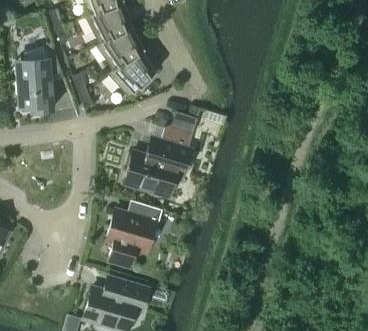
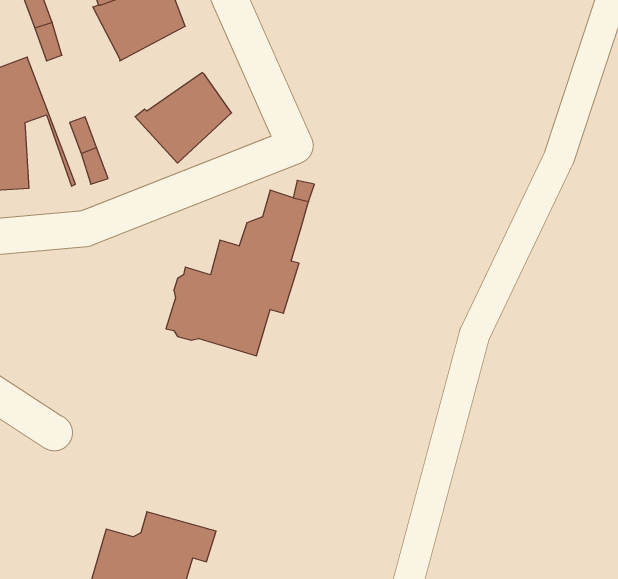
building: [95,26,145,70] -> none
building: [106,201,163,266] -> none

